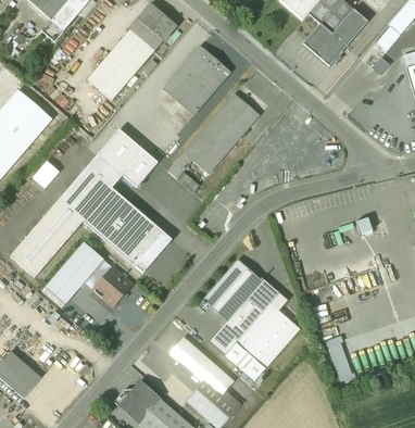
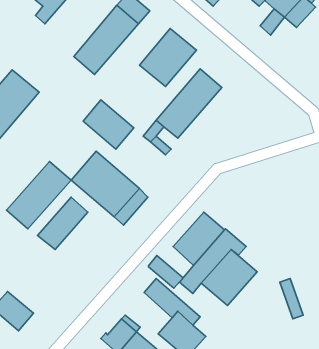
building: [315,33,345,65] -> none
building: [59,153,122,222] -> none
building: [92,266,131,306] -> none
building: [225,341,265,379] -> [149,256,183,288]

